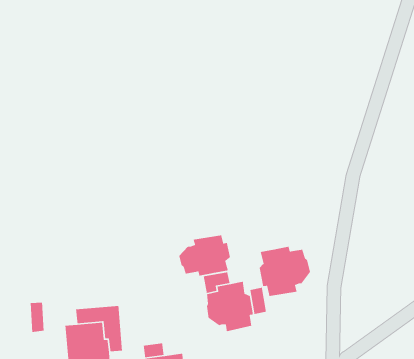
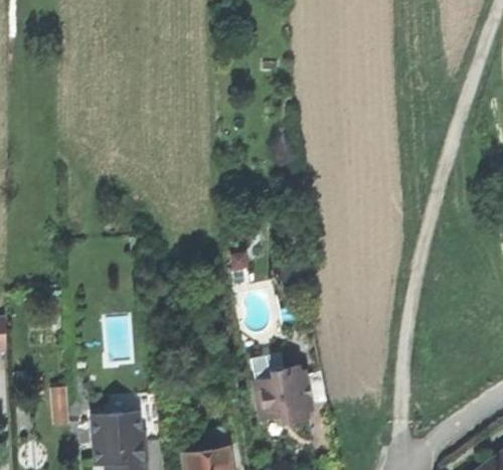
building: [178,234,231,276] -> none
building: [259,246,311,297] -> none

